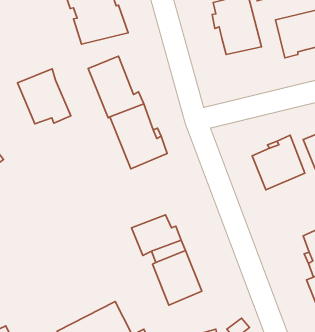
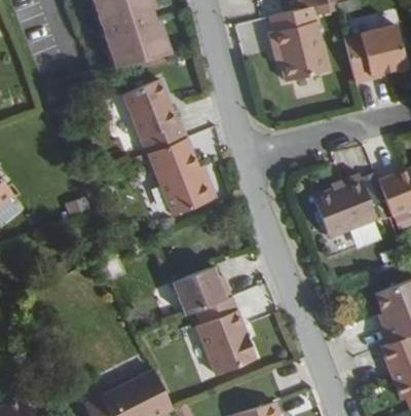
building: [17,69,71,124] -> none

